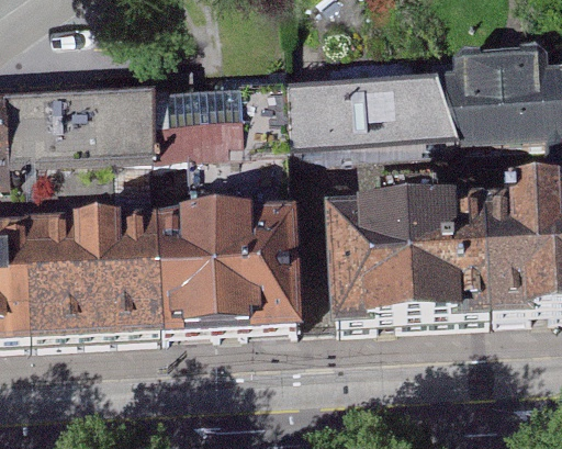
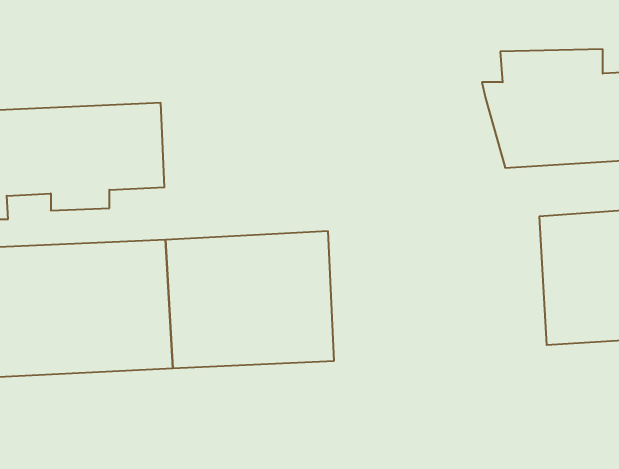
building: [300,93,454,165] -> none
building: [145,94,243,173] -> none
building: [325,200,492,326] -> none

